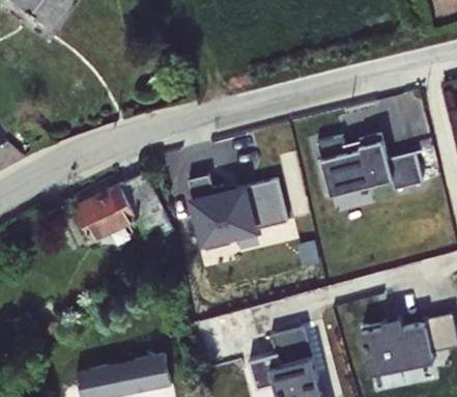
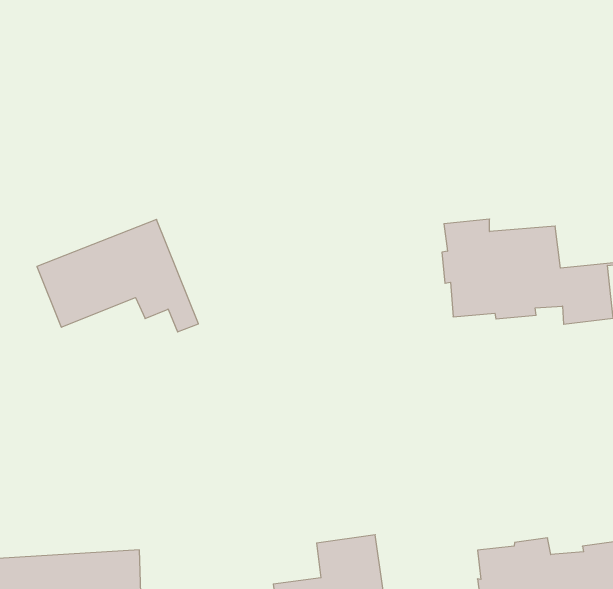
building: [184,174,283,252] -> none

